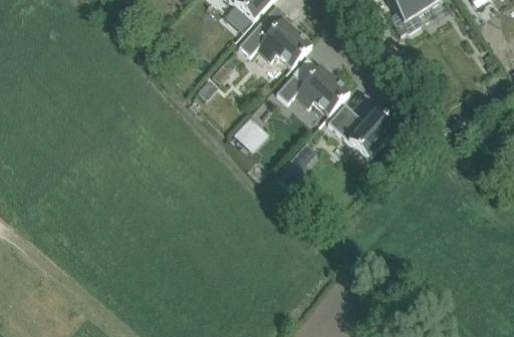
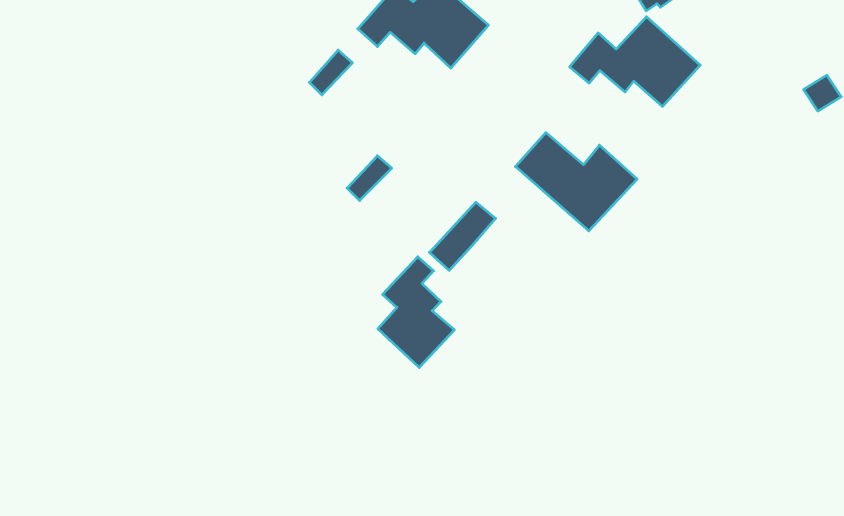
building: [277,63,350,113] -> [570,17,700,106]
building: none -> [378,257,454,368]

